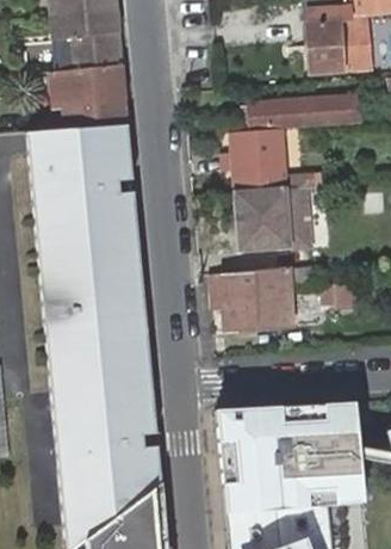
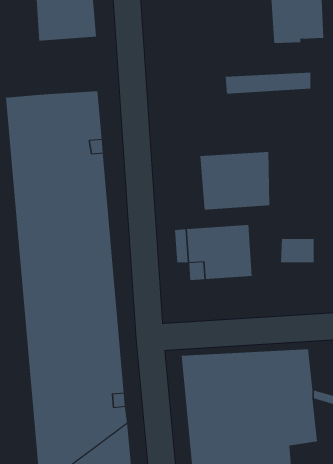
building: [52,64,129,127] -> none
building: [232,129,323,193] -> none

